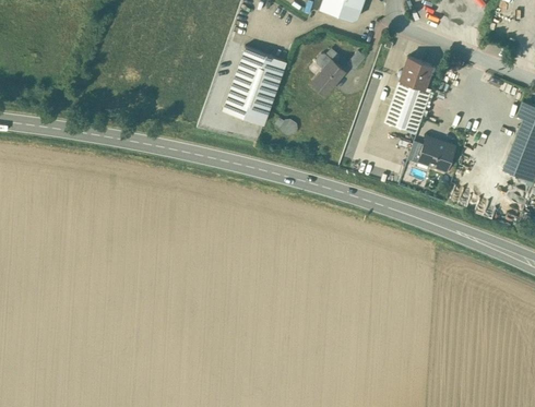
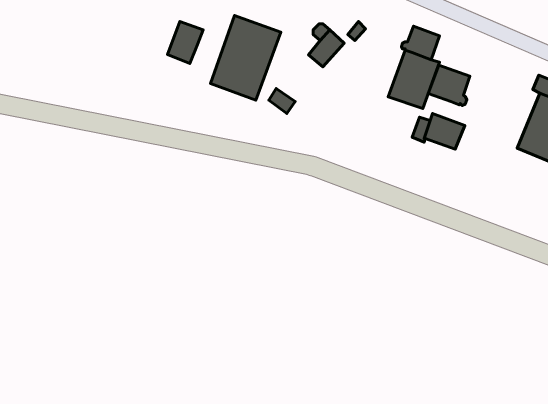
building: none -> [168,22,203,63]
building: none -> [428,65,470,105]

